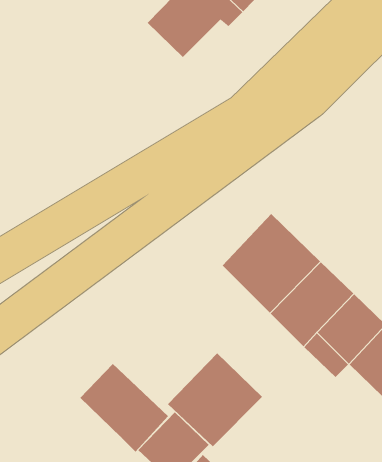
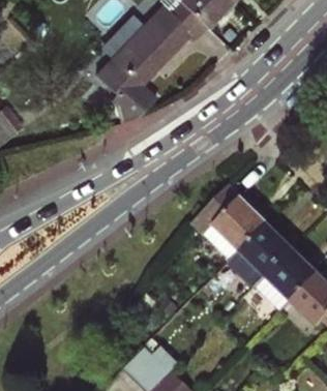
building: none -> [93,38,160,125]
building: [167,353,263,447] -> none
building: [79,363,169,452] -> none

